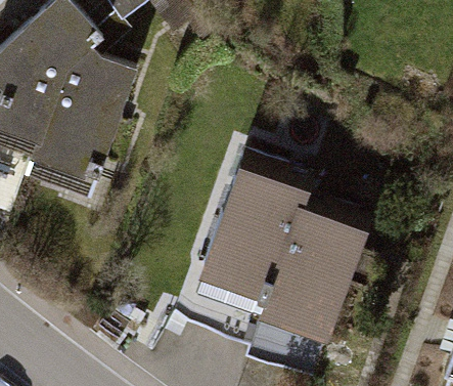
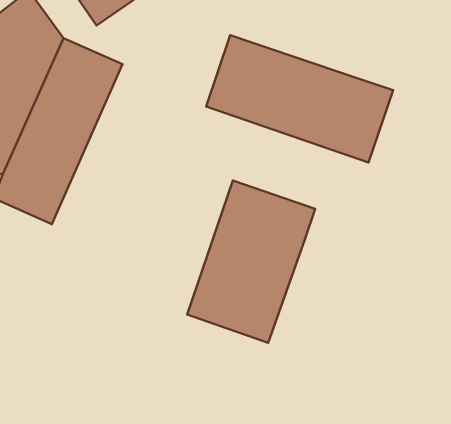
building: none -> [206,35,393,162]
building: [264,211,365,351] -> none

